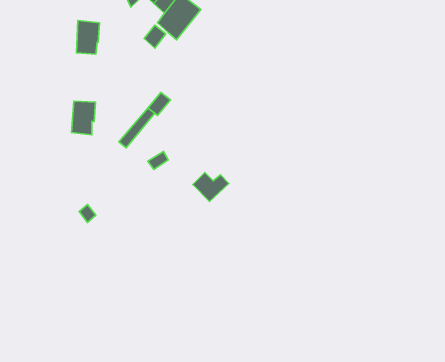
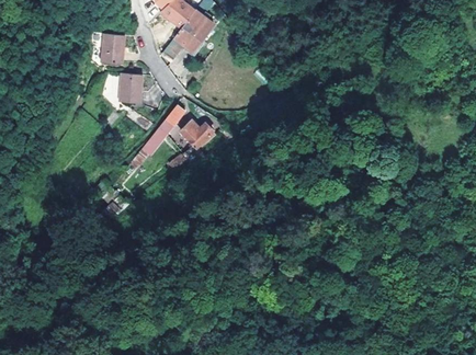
building: [71,101,95,135] -> [120,73,141,104]
building: [193,173,229,201] -> [180,121,213,147]

